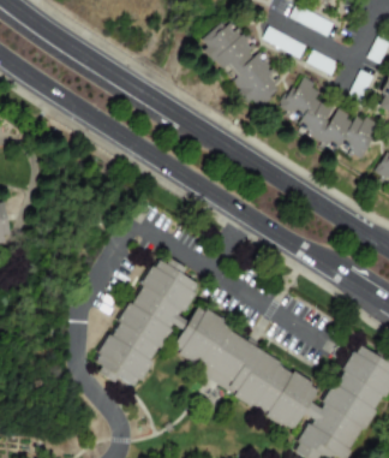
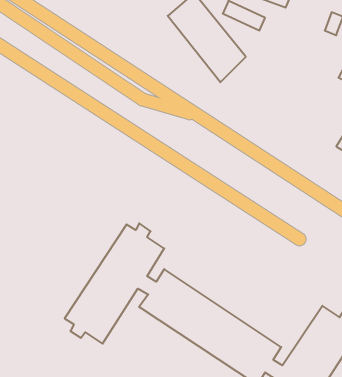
building: [283,85,376,159] -> none

